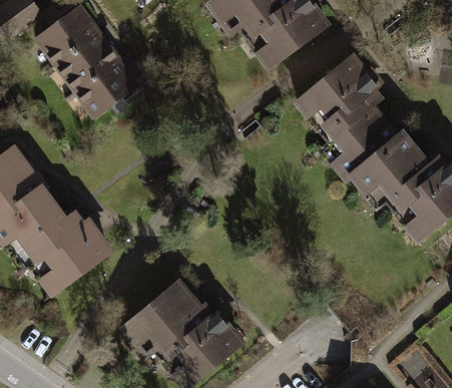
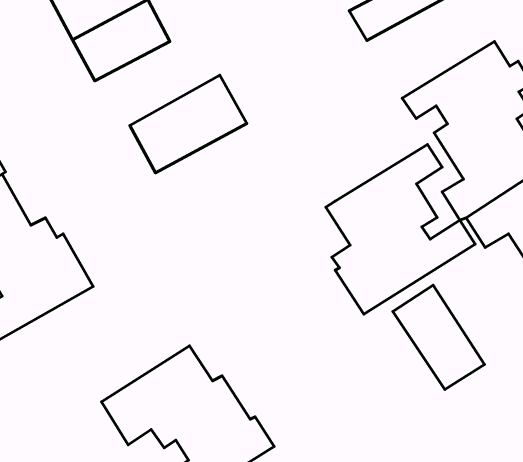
building: none -> [130,75,247,173]
building: none -> [326,144,475,314]
building: none -> [393,285,484,390]

